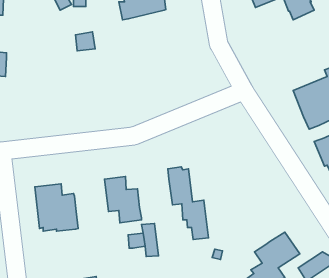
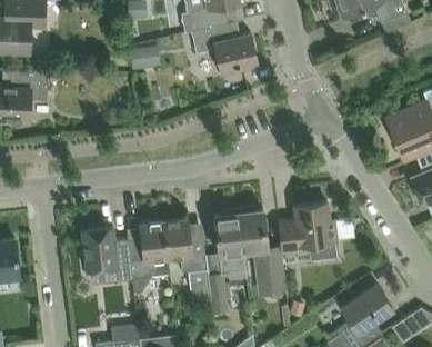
building: none -> [191,22,258,73]
building: none -> [278,201,335,252]
building: none -> [213,209,244,278]
building: none -> [128,221,168,291]

